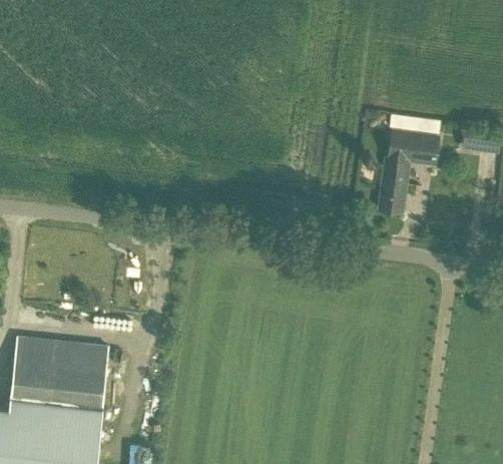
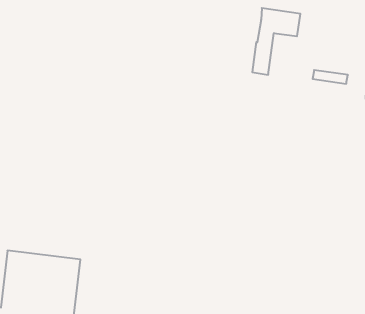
building: [378,131,438,214] -> [252,8,300,75]

